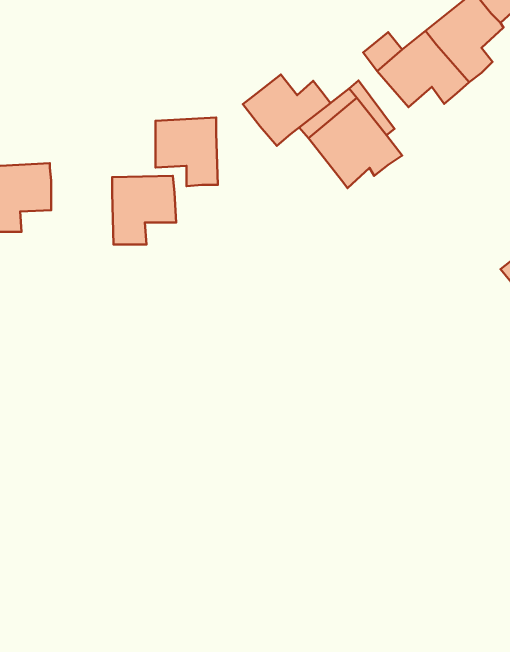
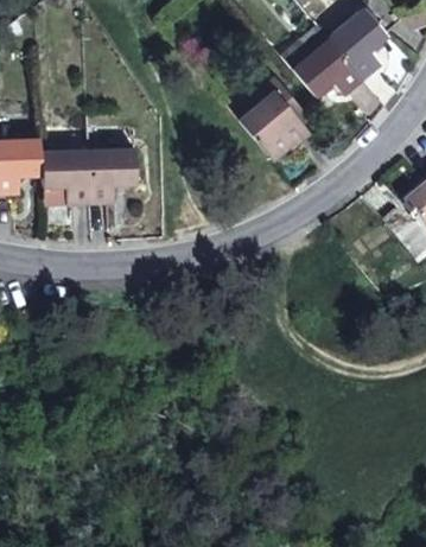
building: [243,74,330,146] -> none
building: [155,118,218,186] -> [44,151,91,203]

